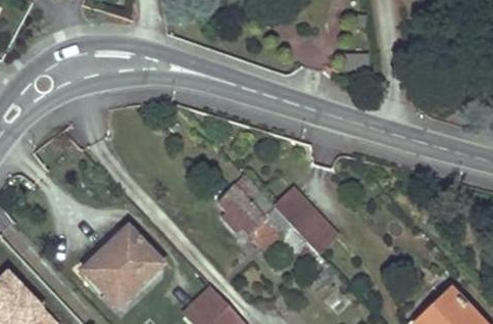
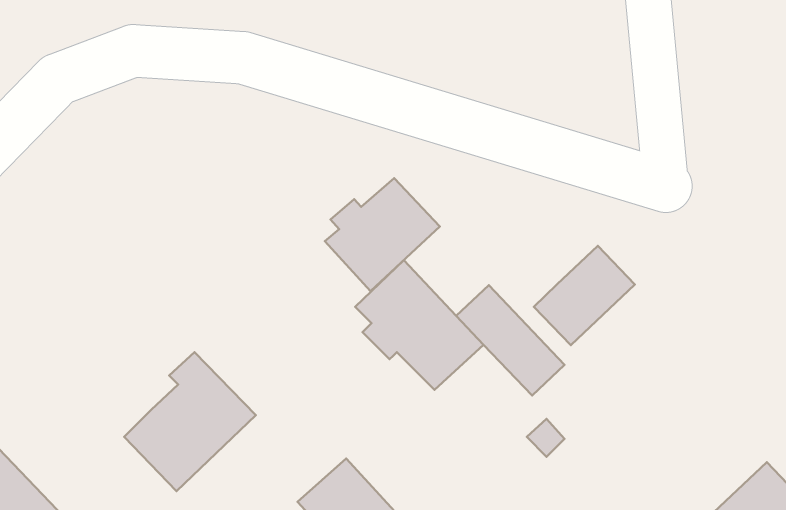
building: none -> [325,178,440,291]
building: none -> [534,246,635,345]

